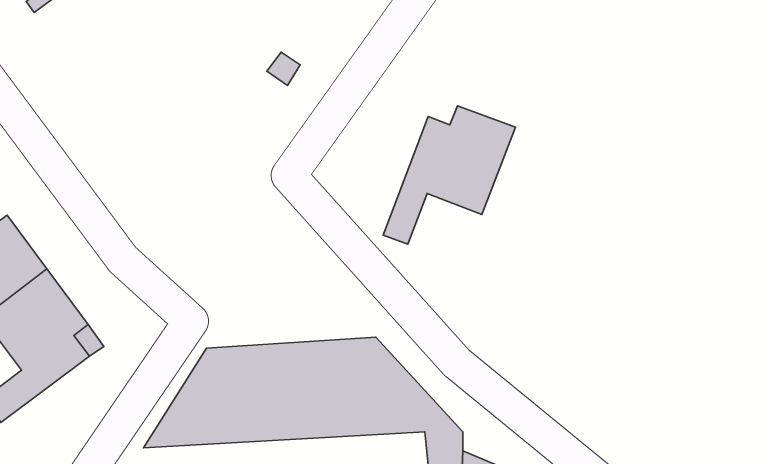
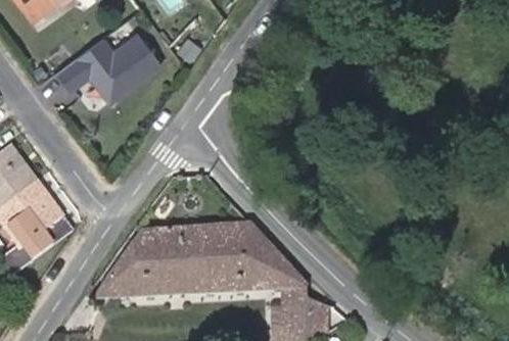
building: none -> [57,32,161,101]
building: [383,106,515,244] -> none

